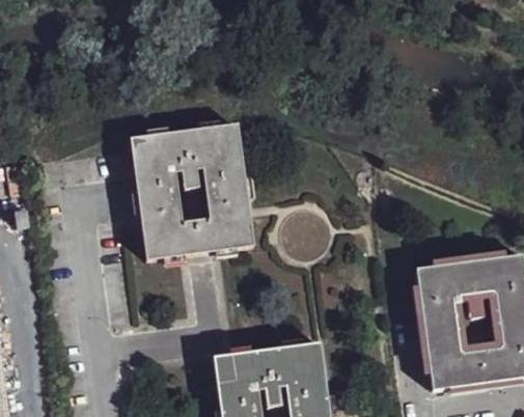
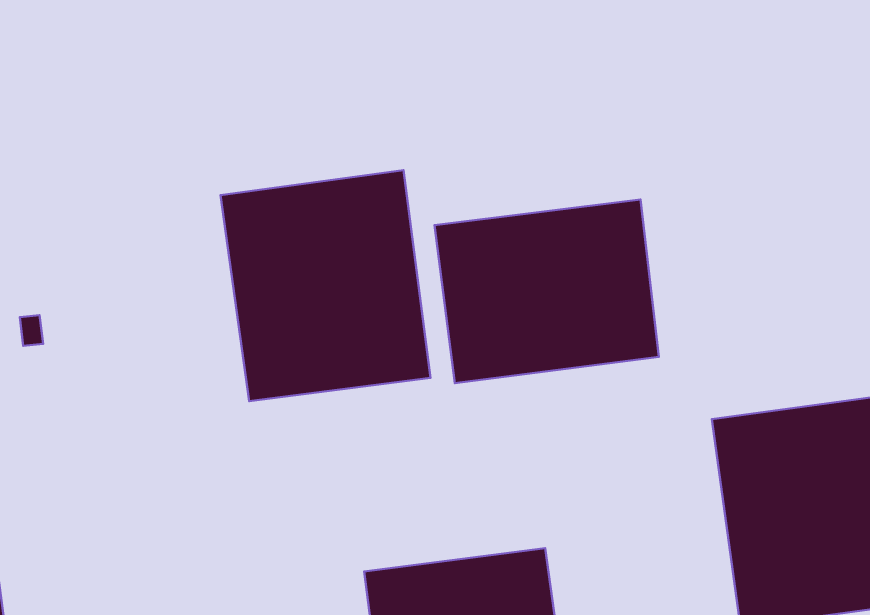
building: none -> [434,200,659,383]

